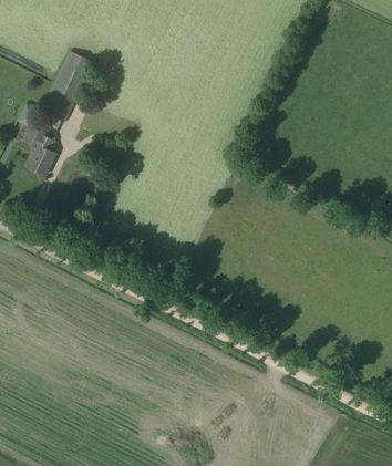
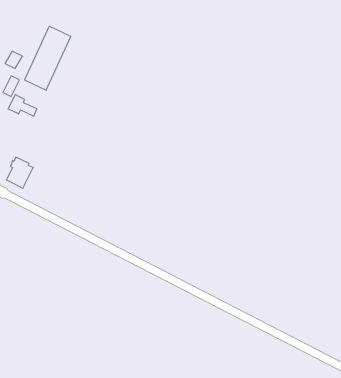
building: [29,141,58,174] -> [6,157,33,188]

